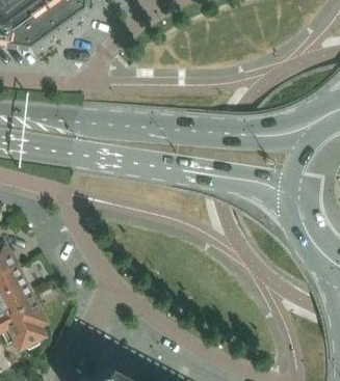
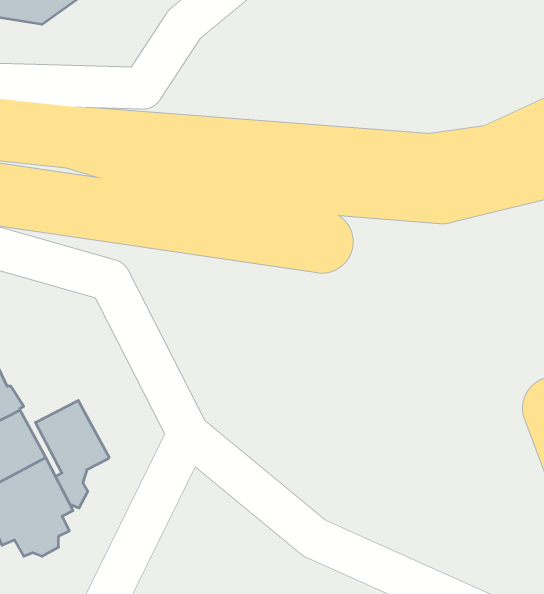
building: none -> [35,400,109,508]

